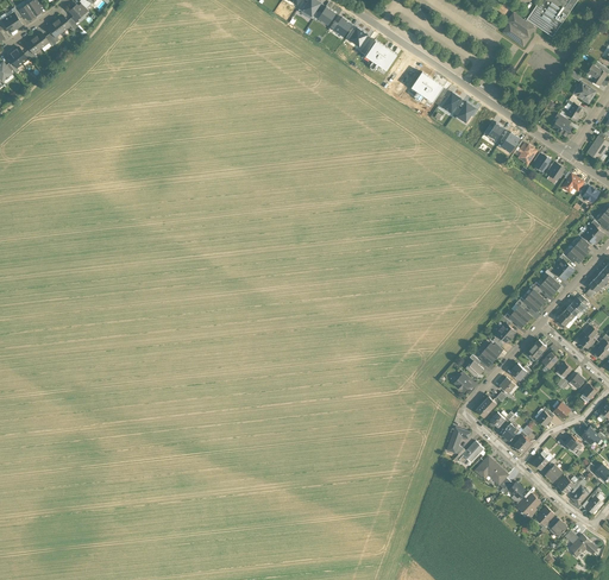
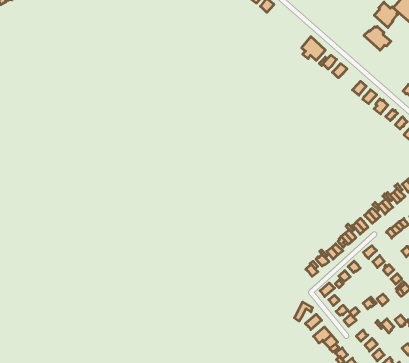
building: [363,40,396,70] -> none
building: none -> [364,26,391,50]

